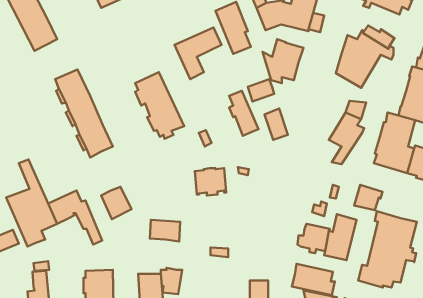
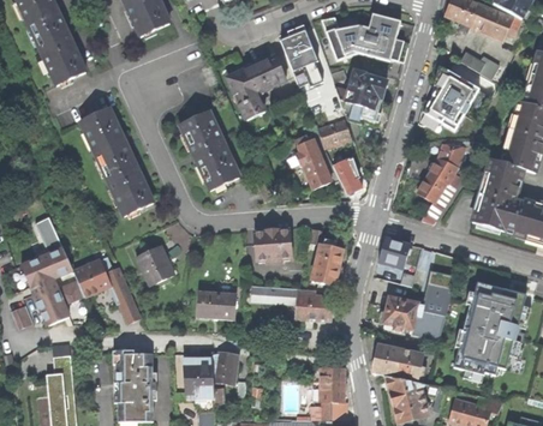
building: none -> [312,242,344,283]
building: [354,185,383,210] -> [378,236,413,268]
building: none -> [263,283,333,317]

